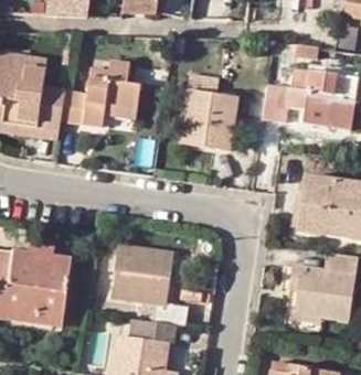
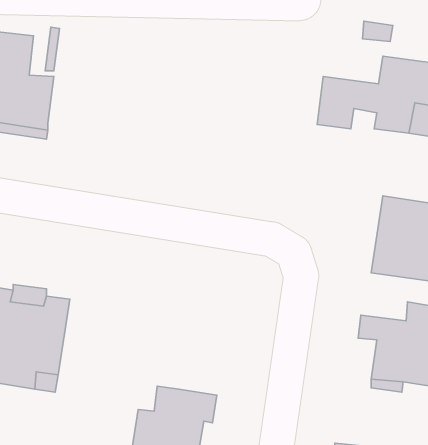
building: [54,56,134,124] -> none
building: [181,73,232,152] -> none
building: [117,247,191,328] -> none

